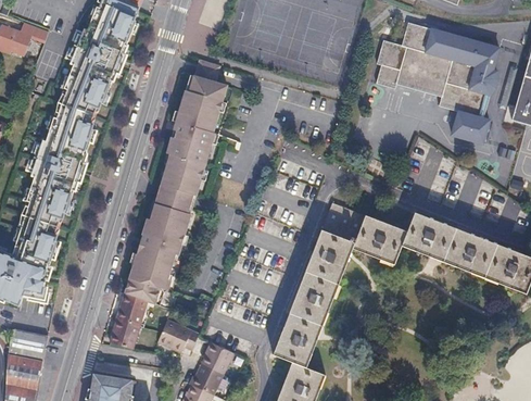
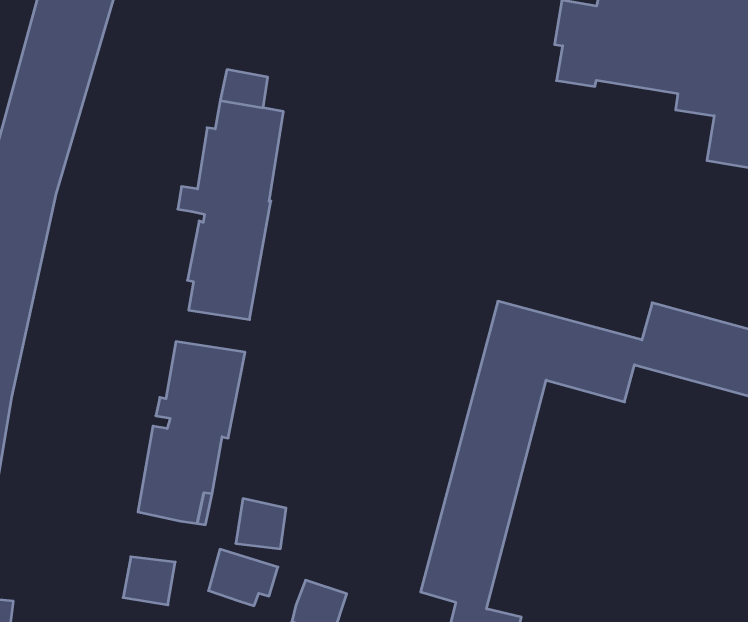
building: [153,187,194,214] -> none
building: [116,295,146,324] -> [236,499,286,549]

